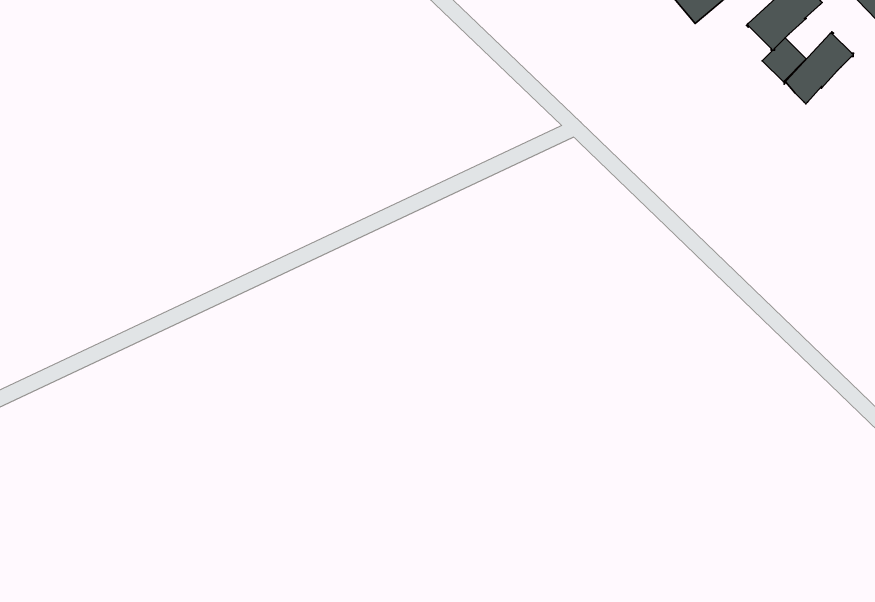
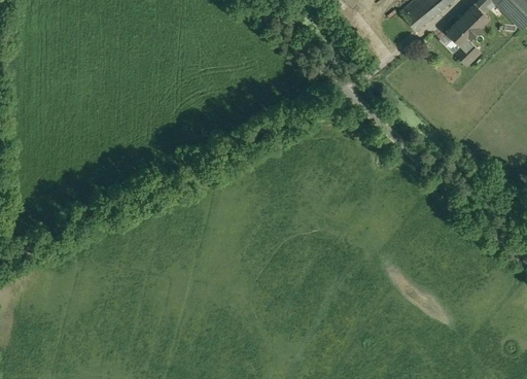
building: [784,32,853,104] -> none

